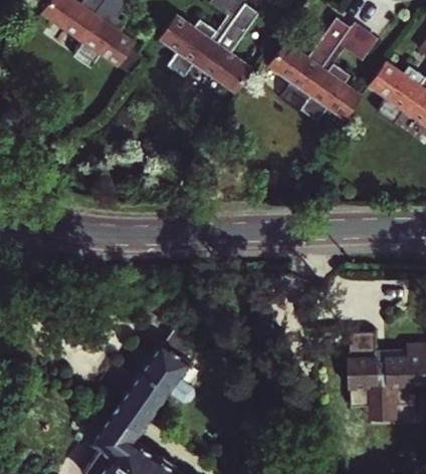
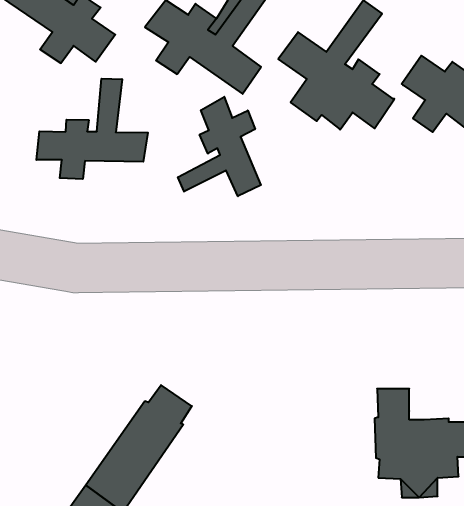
building: [323,22,380,72] -> none
building: none -> [36,79,148,179]
building: none -> [178,97,261,196]

